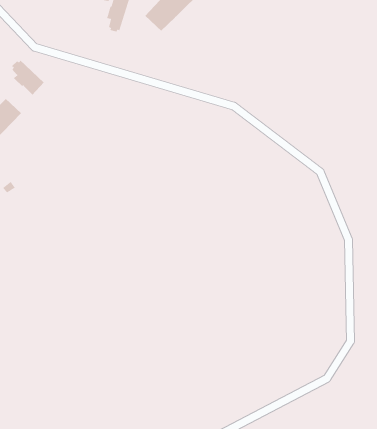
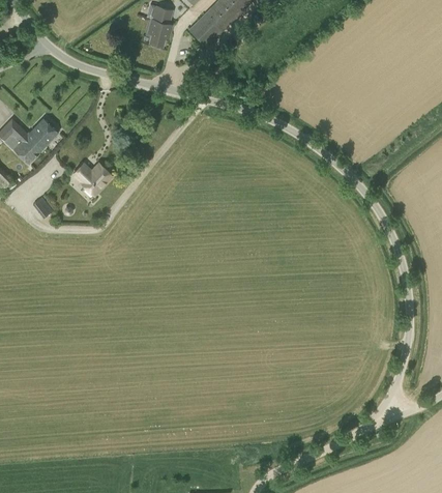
building: [11,60,45,95] -> none
building: none -> [73,164,112,195]

